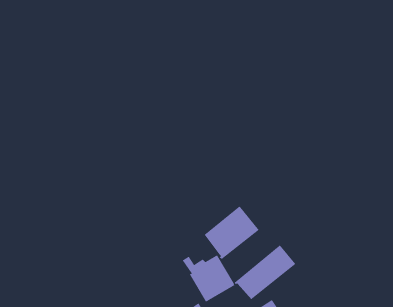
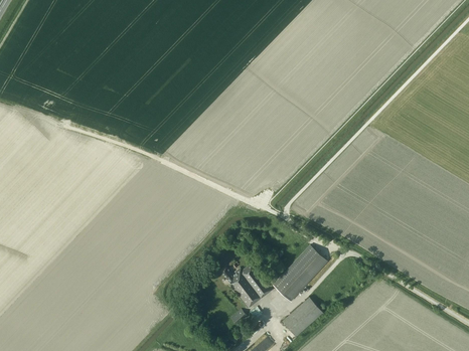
building: [204,205,259,260] -> none

